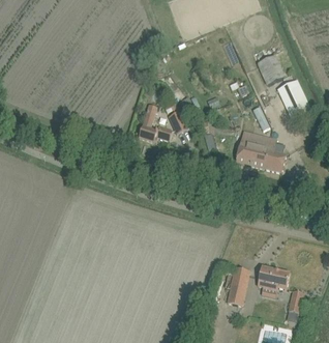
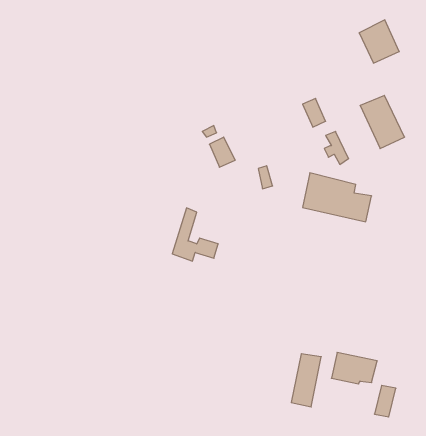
building: [256,52,285,83] -> [359,20,399,63]
building: [139,103,172,141] -> [172,208,218,261]

